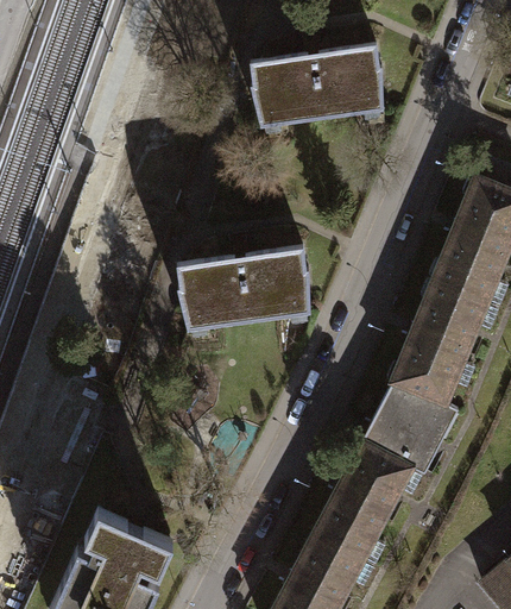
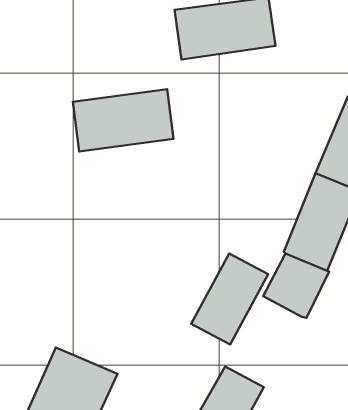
building: [176,249,308,331] -> [73,89,173,152]
building: [314,440,415,560] -> [191,253,268,345]

